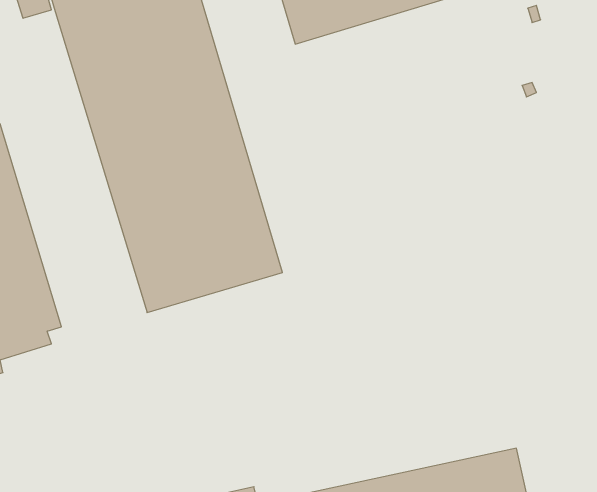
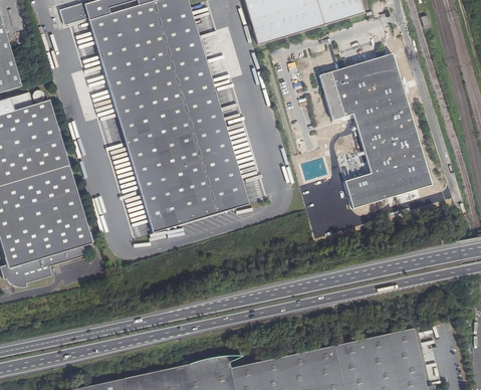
building: none -> [318,54,432,209]

